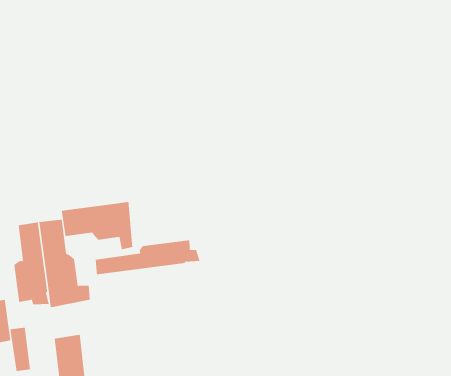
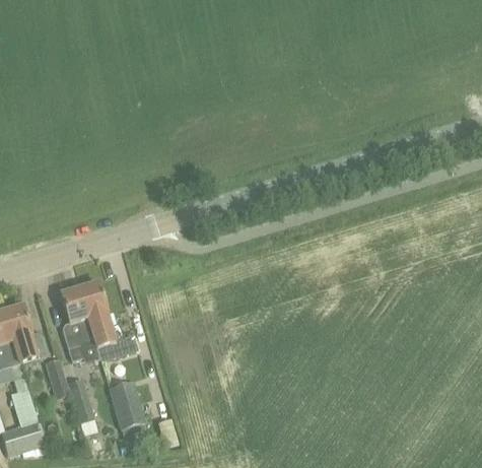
building: [61,201,133,250] -> none
building: [95,239,200,275] -> none

